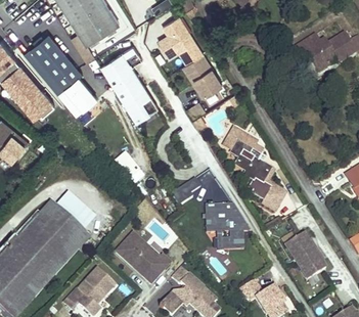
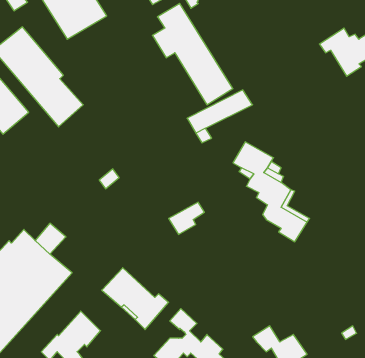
building: [101,50,158,120] -> none
building: [206,202,250,248] -> none
building: [283,232,323,279] -> none

